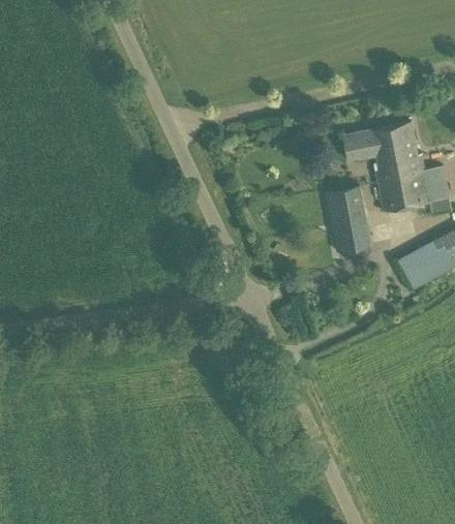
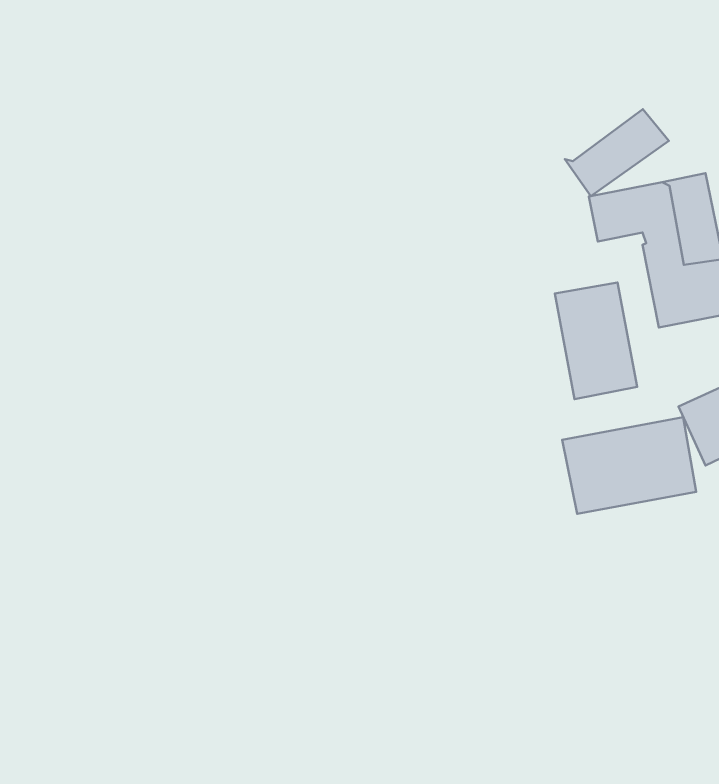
building: none -> [565,109,669,196]
building: none -> [562,417,696,514]

